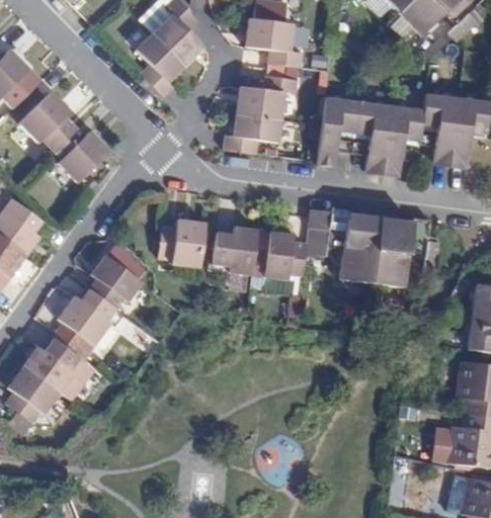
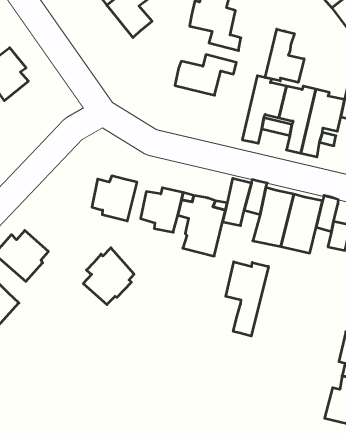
building: [137,33,185,97] -> none
building: none -> [265,29,304,82]
building: [224,113,281,154] -> none
building: [52,125,110,183] -> none
building: [89,247,144,310] -> [83,248,134,305]
building: none -> [226,262,268,336]

